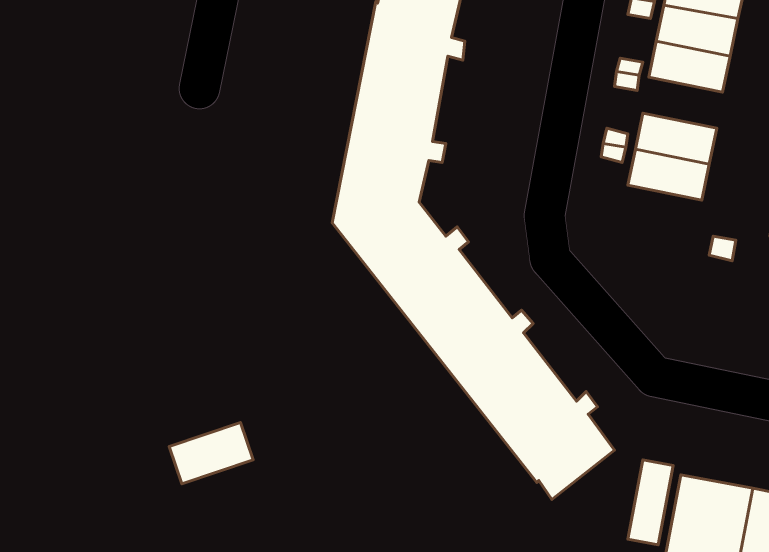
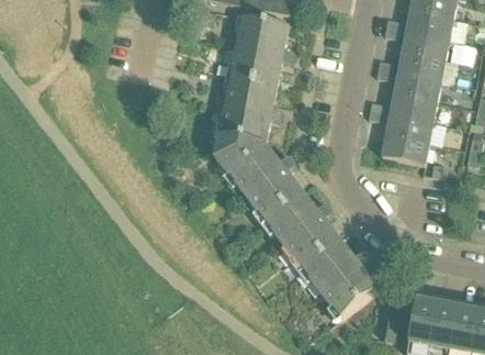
building: none -> [394,69,440,99]
building: none -> [382,132,428,162]
building: [169,422,253,484] -> none

